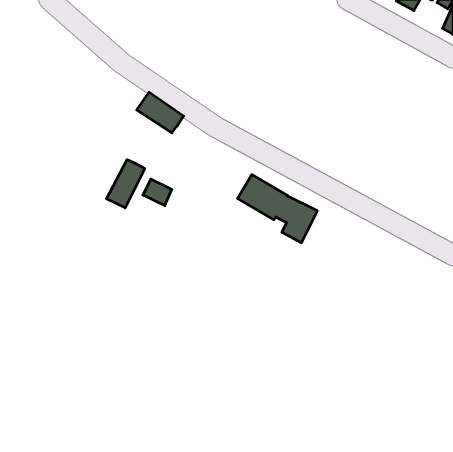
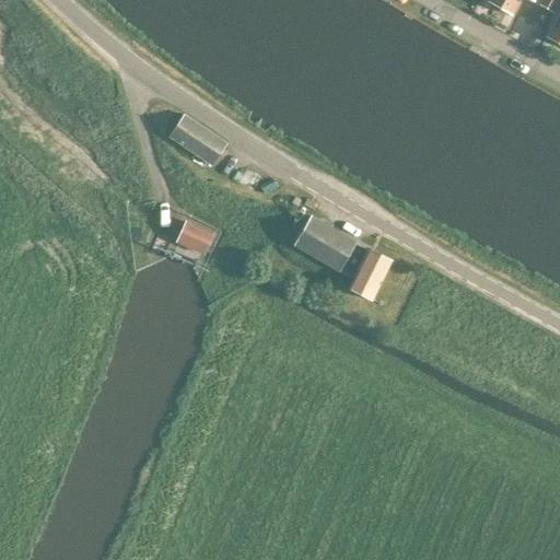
building: [106,160,145,208] -> none

